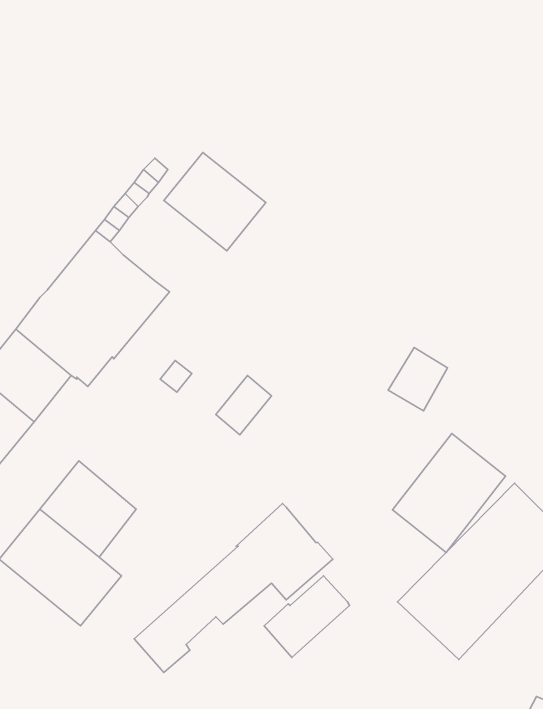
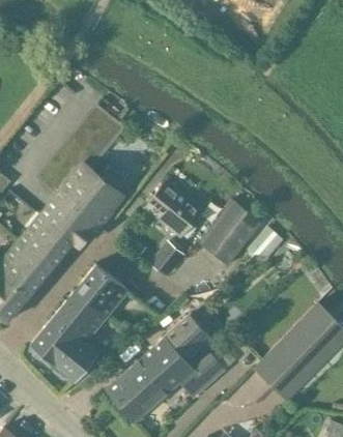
building: [164,152,266,251] -> [145,181,202,236]
building: none -> [75,264,128,317]
building: [392,434,506,552] -> [198,200,261,266]
building: none -> [122,358,193,421]

